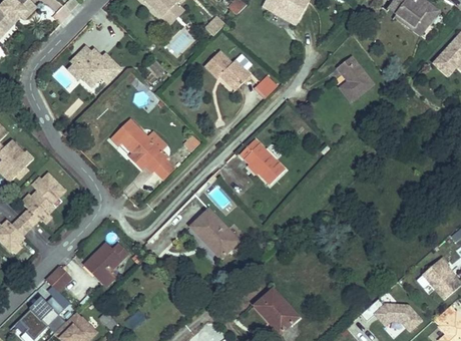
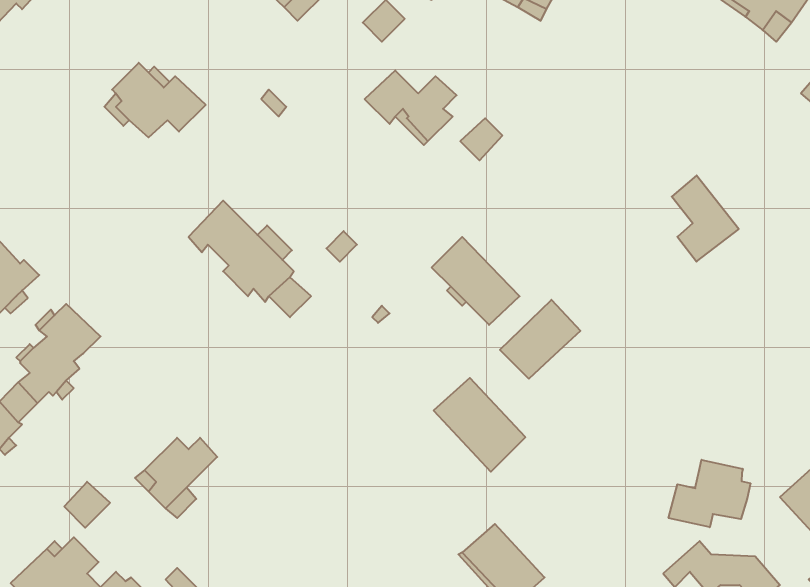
building: [337,56,372,101] -> [672,175,739,262]
building: none -> [500,300,580,379]
building: [189,210,238,259] -> [434,378,525,472]
building: none -> [669,460,750,527]

